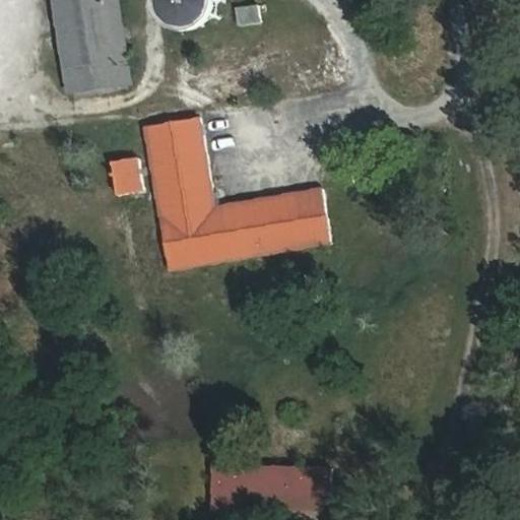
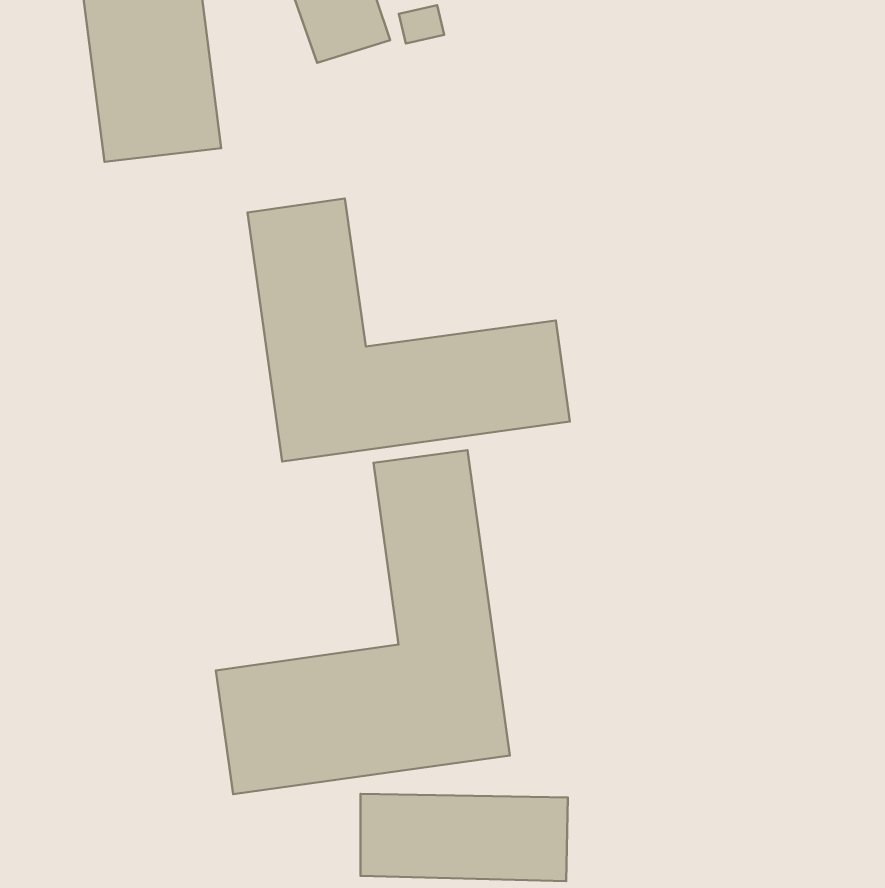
building: [110,155,143,196] -> none
building: none -> [216,450,510,794]

